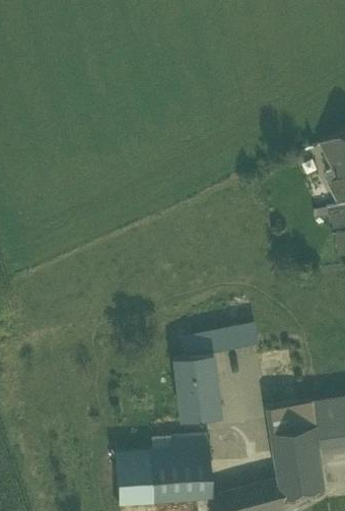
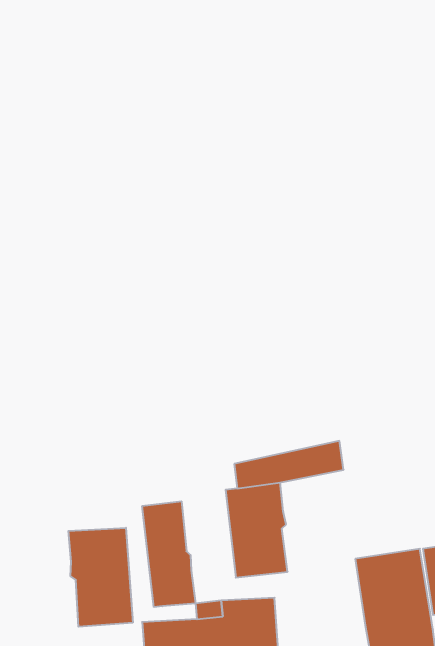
building: none -> [142,501,195,607]
building: none -> [68,528,133,627]

